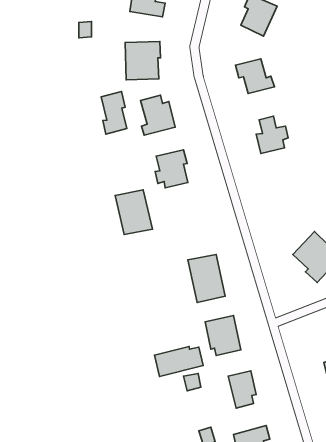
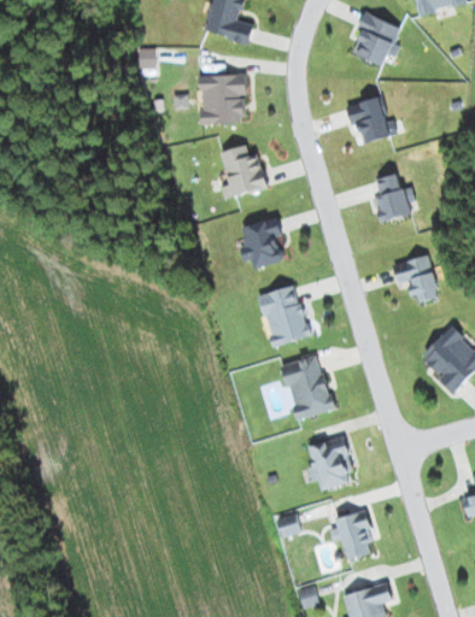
building: [101,91,127,134] -> none
building: none -> [392,254,440,302]
building: [115,190,152,235] -> [259,286,309,345]
building: [155,346,203,376] -> none

